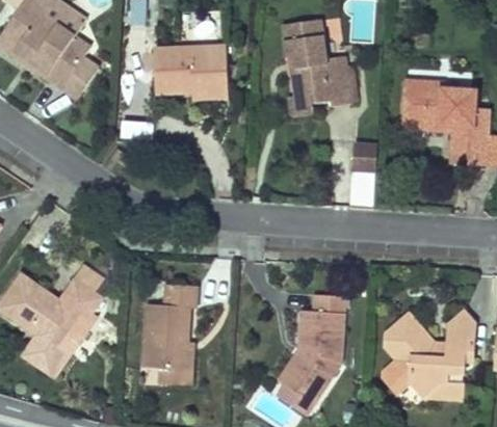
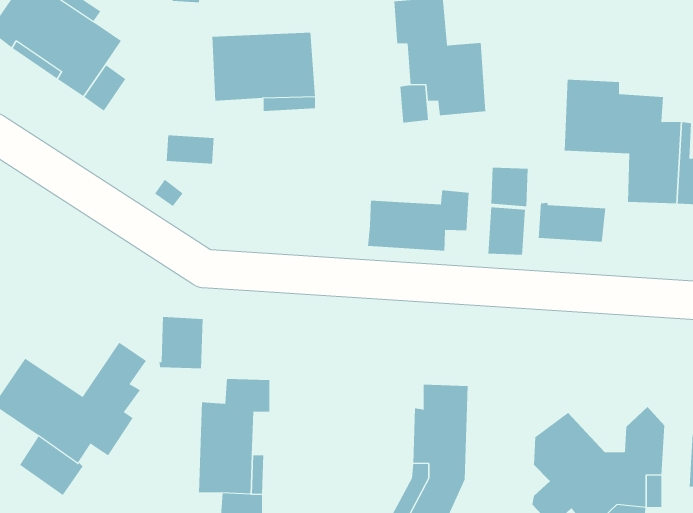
building: none -> [367,190,469,251]
building: none -> [538,202,606,243]
building: none -> [159,316,203,369]

